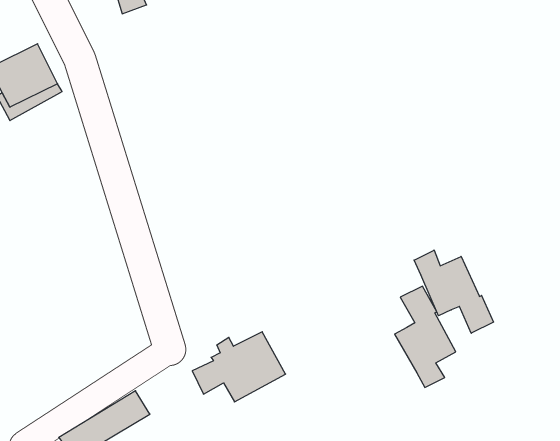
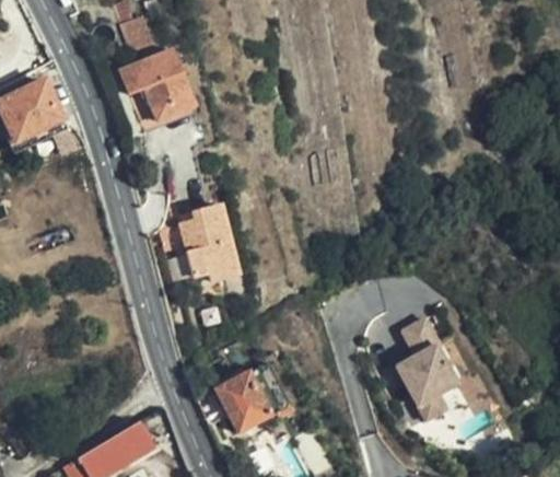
building: none -> [119,48,192,124]
building: none -> [178,201,252,286]
building: [414,250,493,333] -> none

